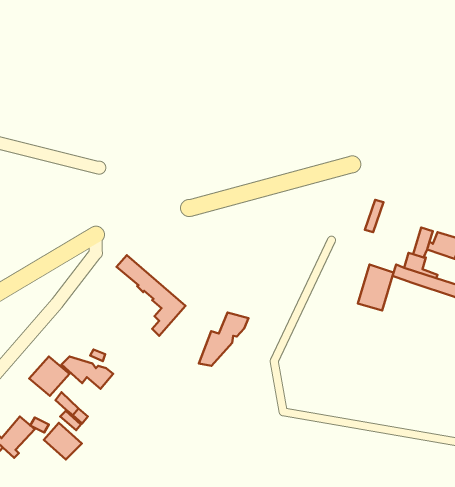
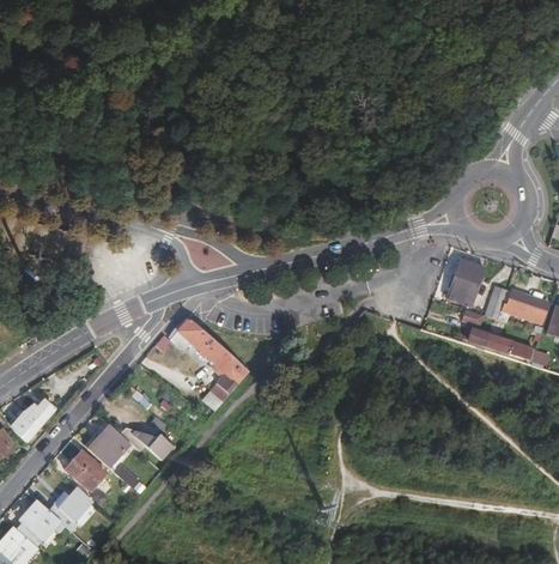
building: [358,264,394,310] -> [446,259,484,307]
building: [199,313,249,366] -> none
building: [44,423,82,460] -> [65,449,104,487]

